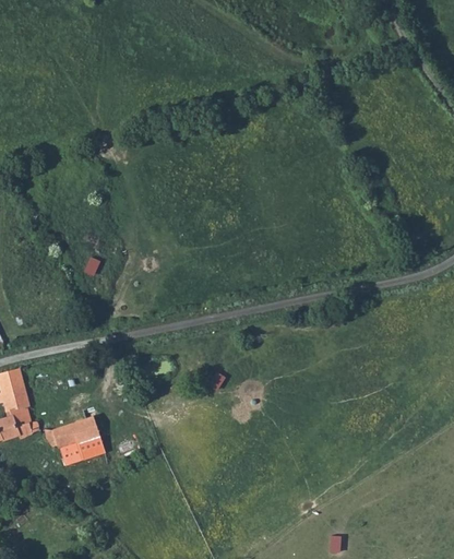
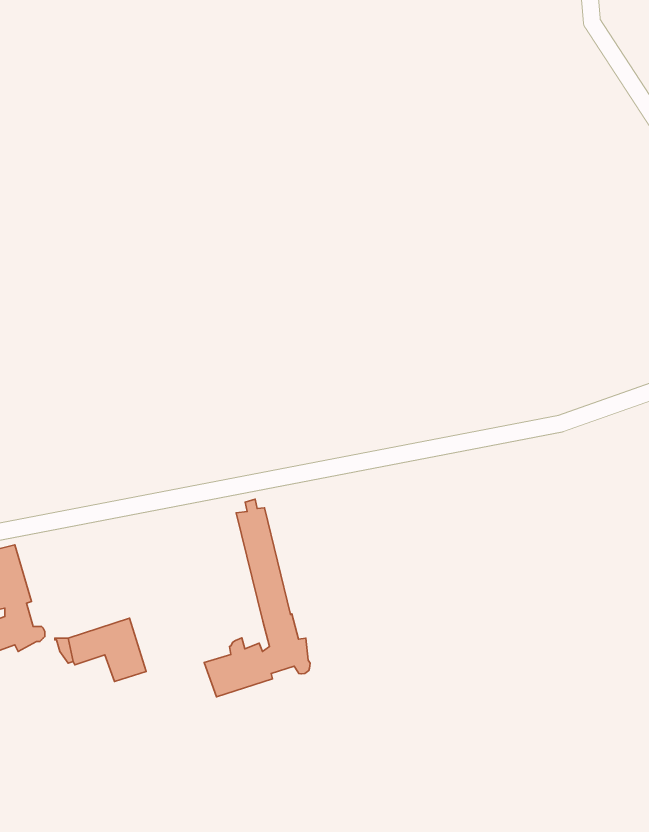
building: none -> [204,499,310,697]

